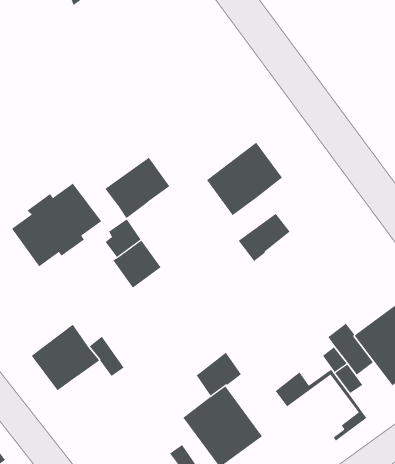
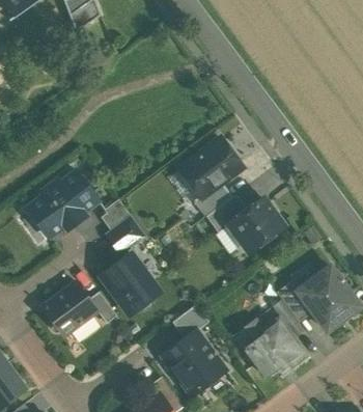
building: [105,157,170,218] -> none
building: none -> [194,182,232,216]
building: none -> [227,196,284,252]
building: none -> [103,255,157,311]
building: none -> [244,322,300,377]

